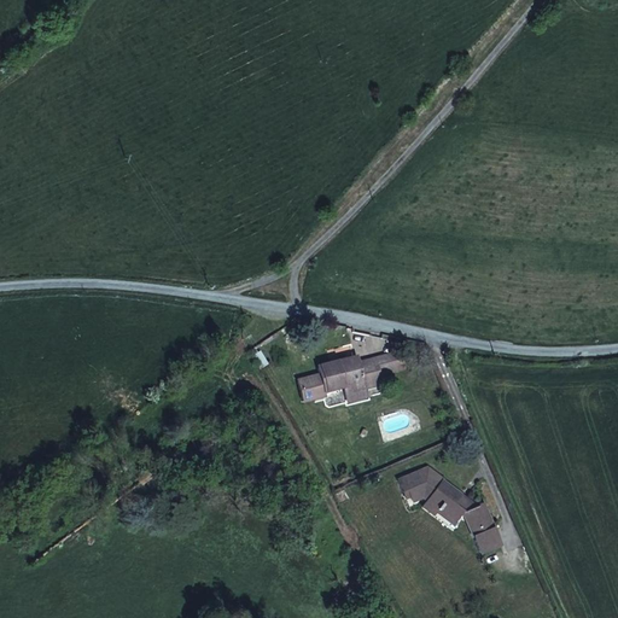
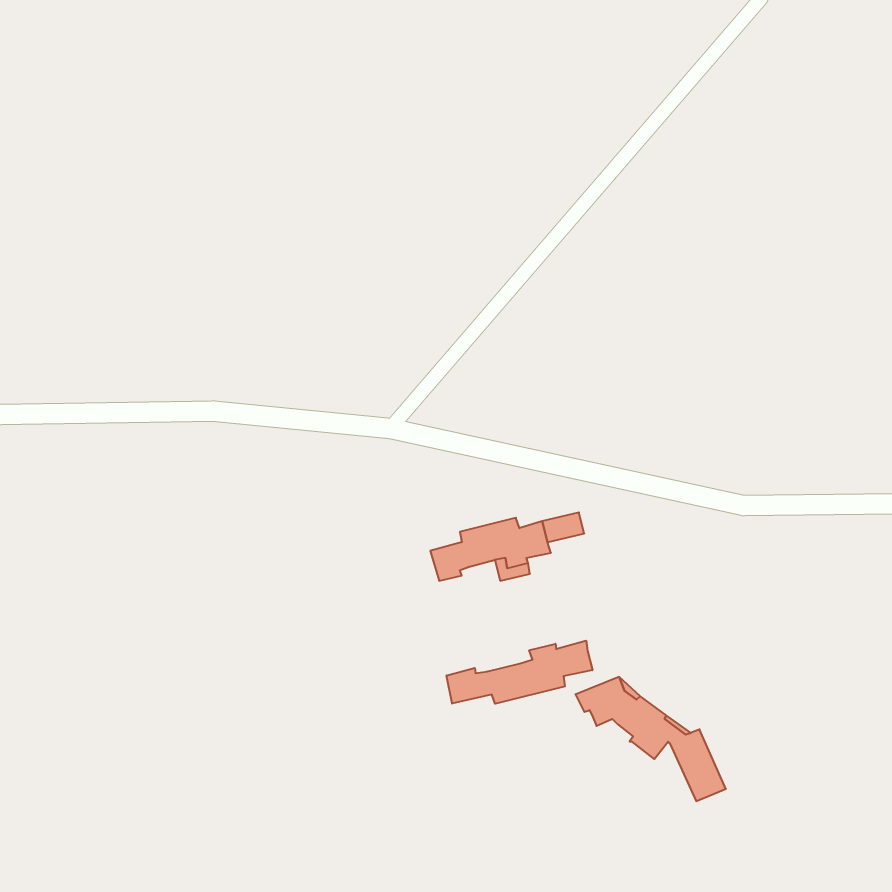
building: none -> [447,641,592,704]

